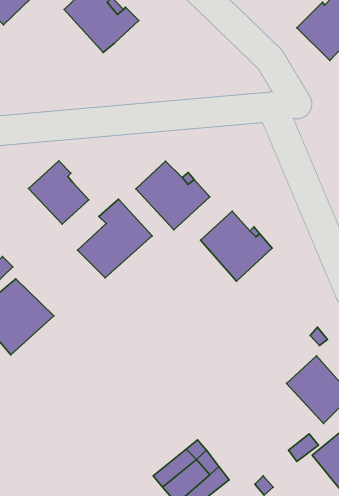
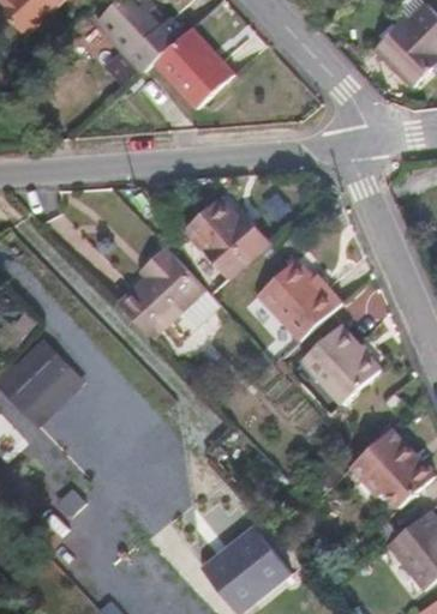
building: none -> [156,30,233,108]
building: [28,161,89,224] -> none
building: none -> [301,325,381,405]

